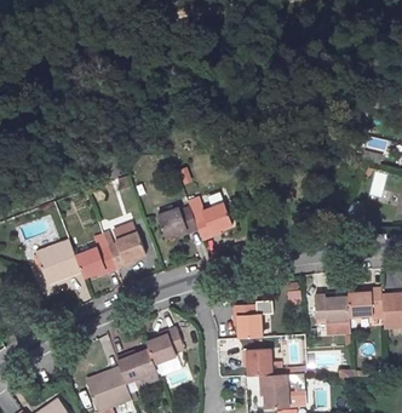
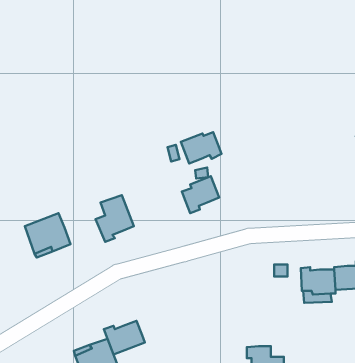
building: [156,206,197,237] -> [181,132,222,163]
building: [75,246,116,277] -> none
building: [232,304,262,339] -> none
building: [145,327,184,363] -> none
building: [242,349,271,377] -> none

